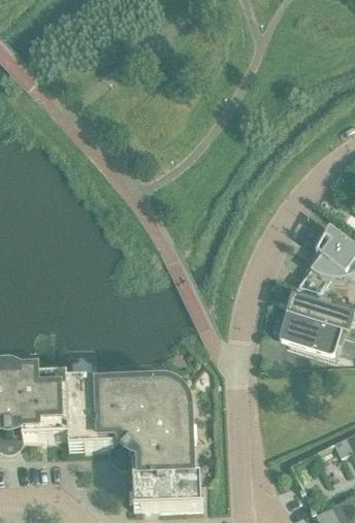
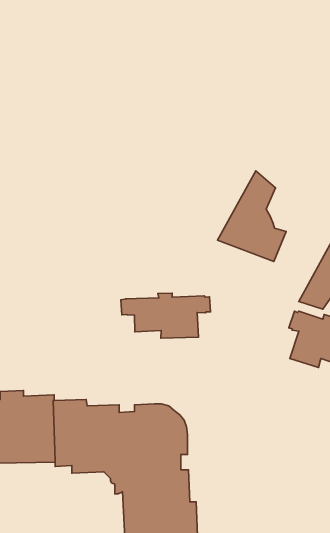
building: none -> [217,171,286,262]
building: none -> [121,293,210,338]

